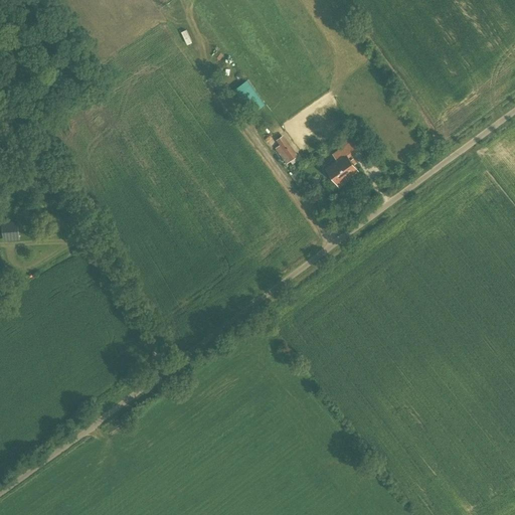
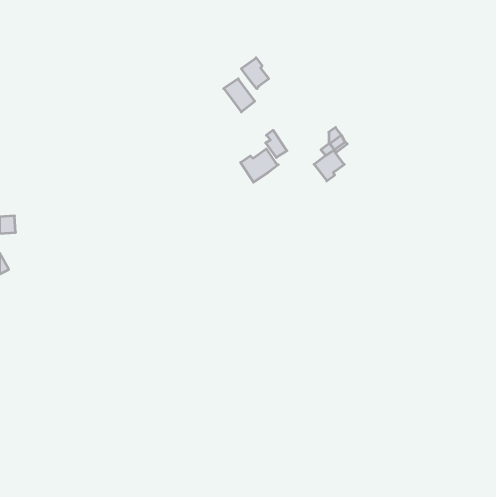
building: none -> [241,58,269,89]
building: none -> [241,149,278,182]

